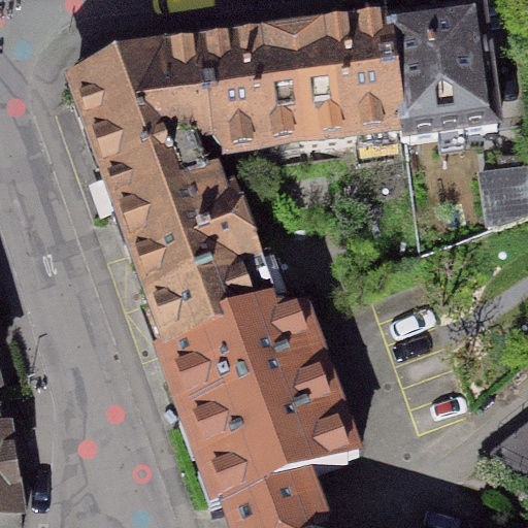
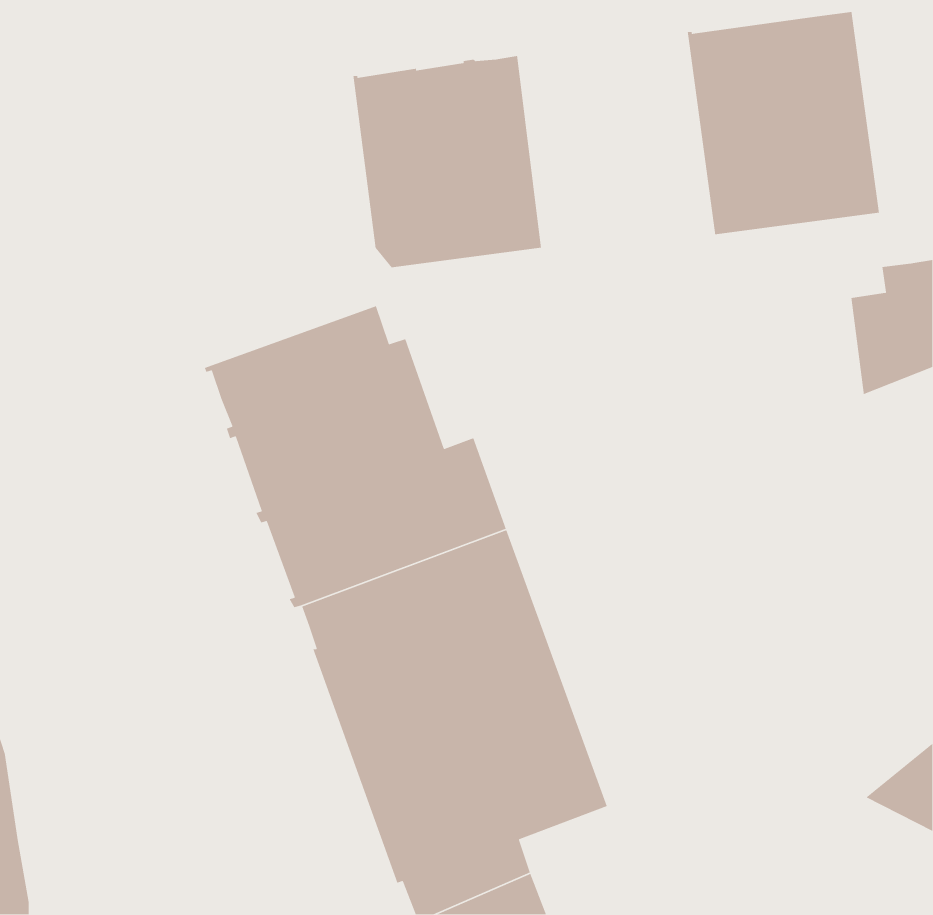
building: [291,18,401,139] -> none
building: [68,42,211,206] -> none

